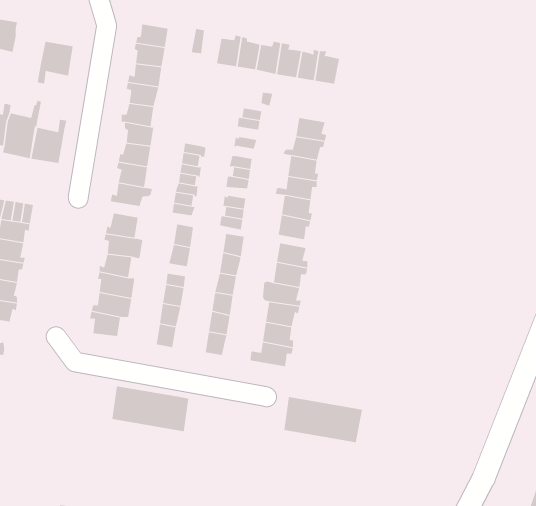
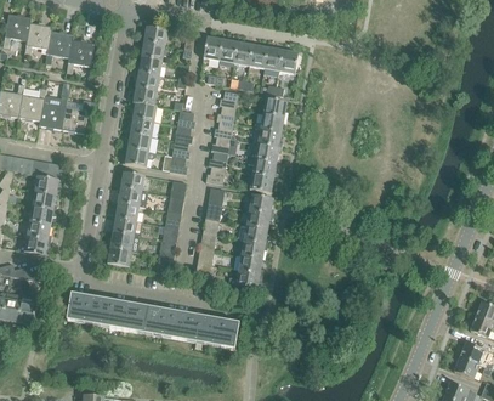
building: none -> [45,29,73,62]
building: none -> [66,293,126,328]
building: [283,397,363,443] -> [178,312,239,348]

